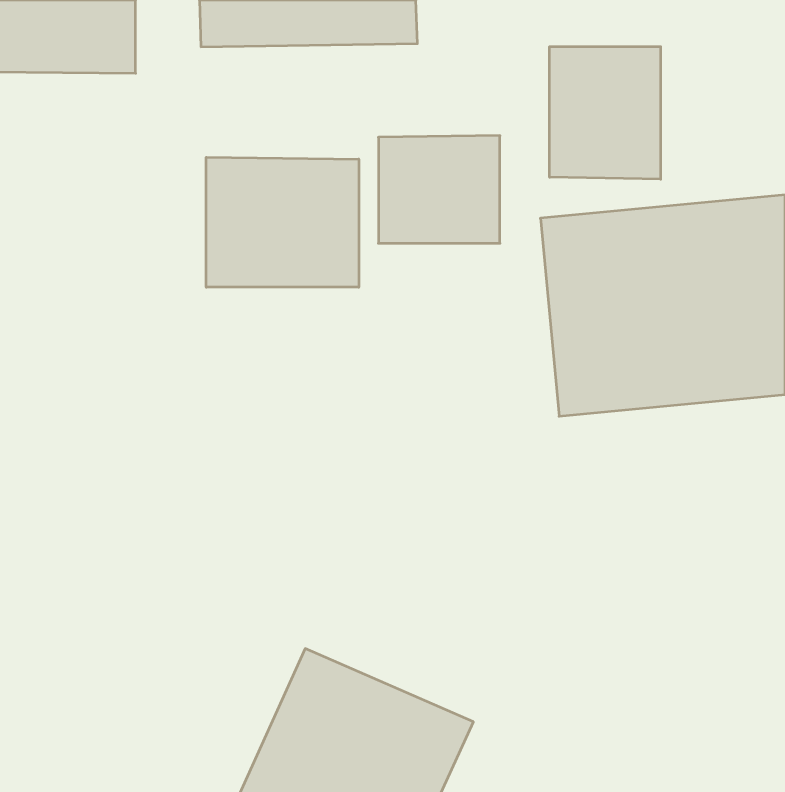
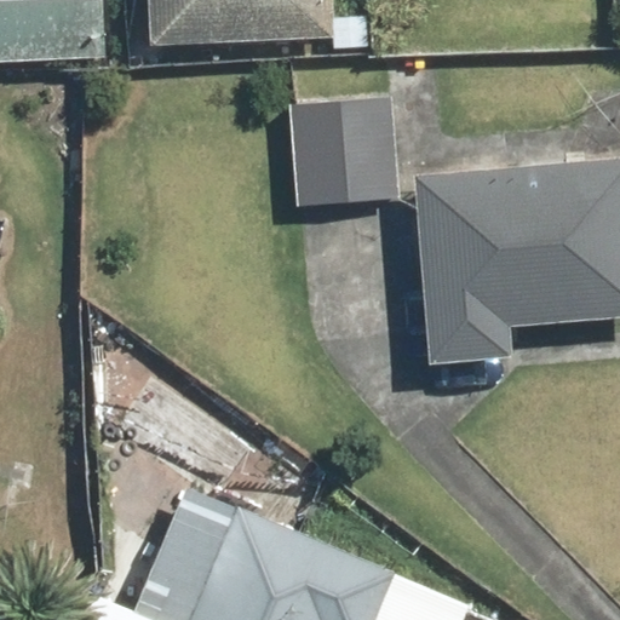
building: [550,47,661,179] -> none
building: [206,157,359,287] -> none

